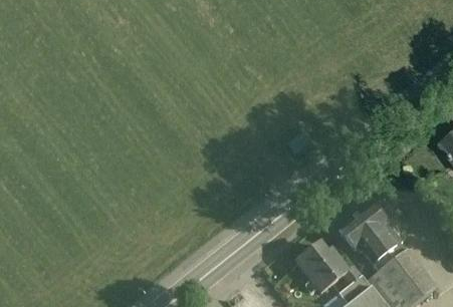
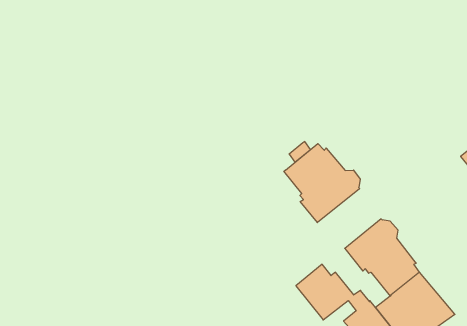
building: none -> [284,144,360,223]

